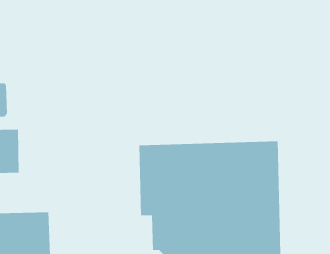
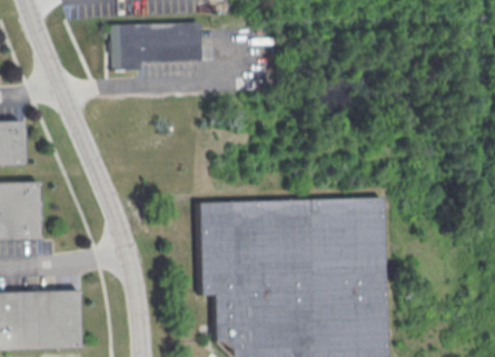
building: none -> [110,20,202,65]

